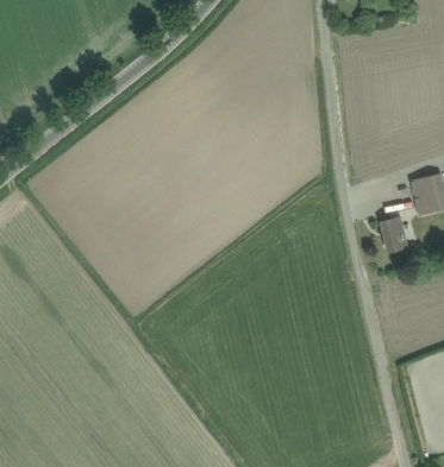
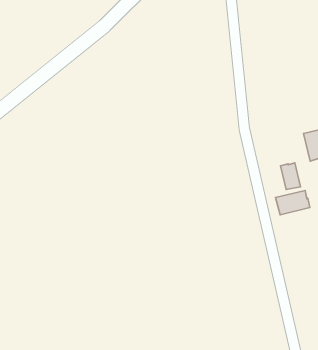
building: none -> [275,190,310,215]

